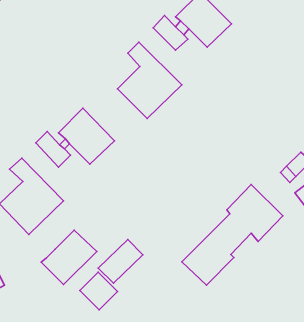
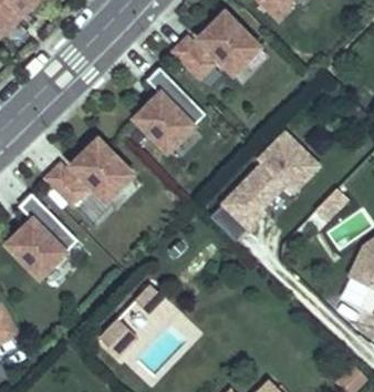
building: [182,184,283,285] -> [208,131,318,240]
building: [41,230,97,285] -> none

